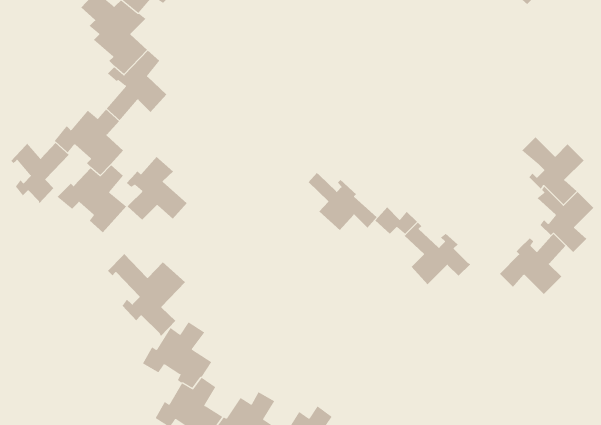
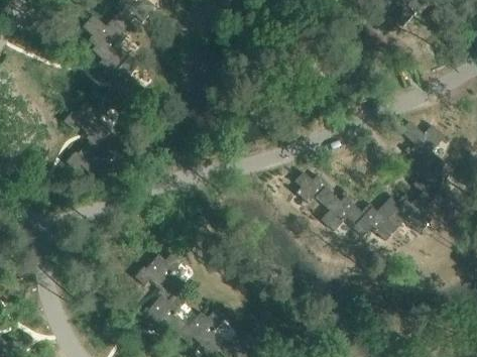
building: [11,142,69,204] -> none
building: [126,156,187,221] -> none
building: [308,172,378,231] -> none
building: none -> [348,196,396,240]
building: [107,253,186,337] -> none

